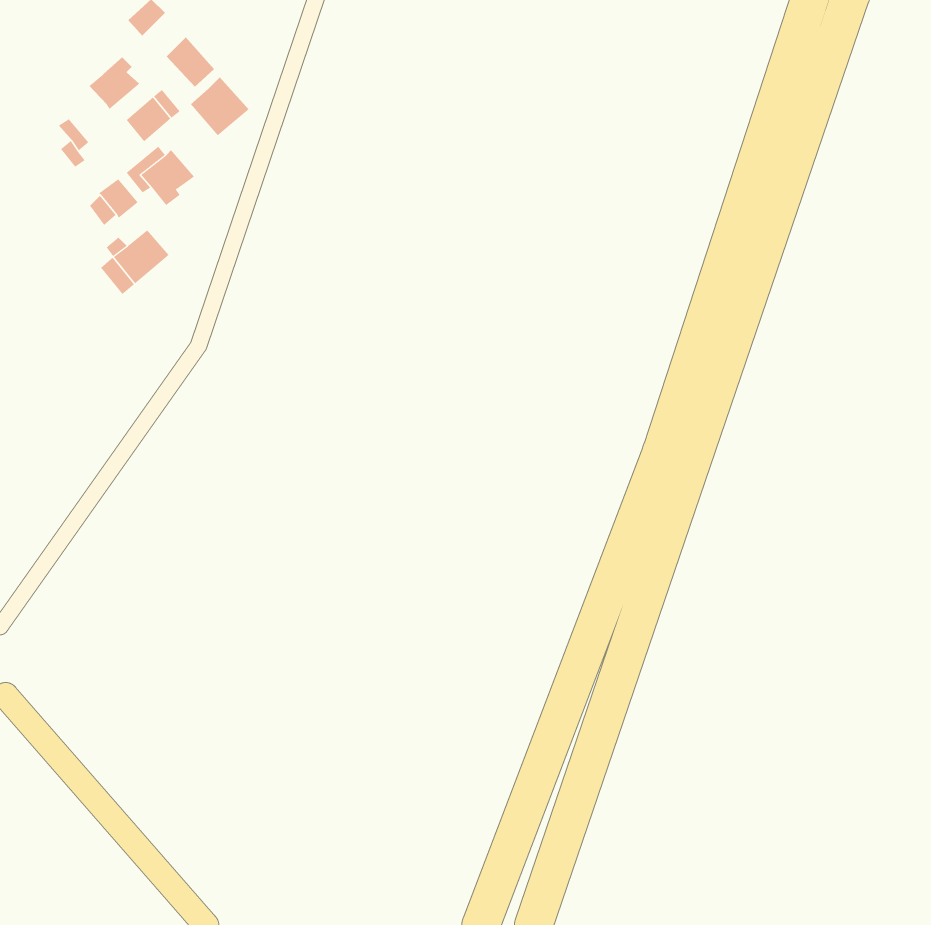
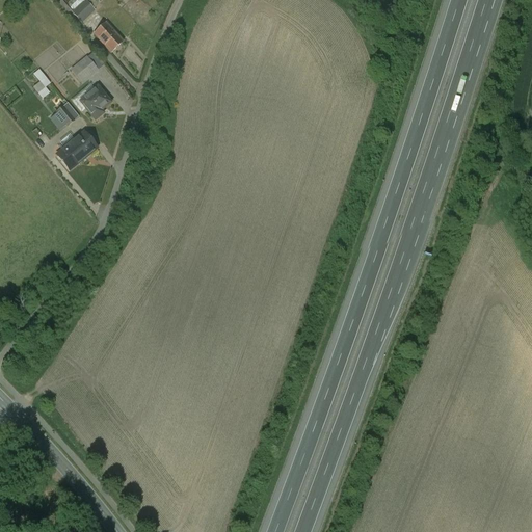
building: [89,57,140,110] -> none
building: [190,77,250,136] -> none

